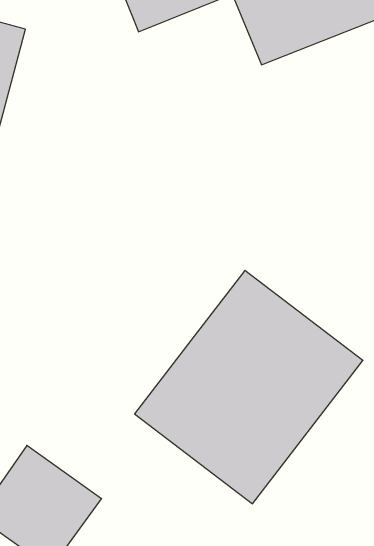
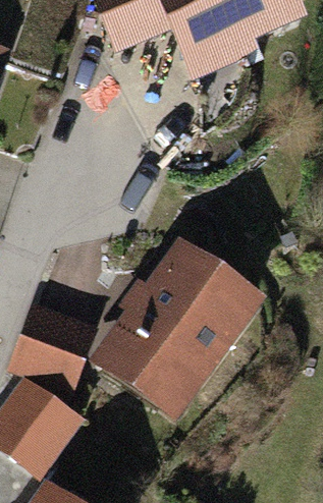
building: none -> [18,306,115,396]

